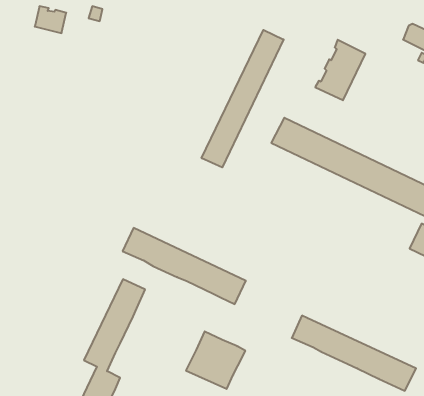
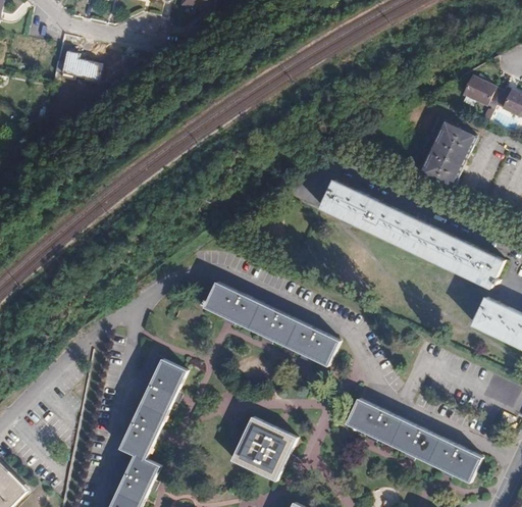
building: [202,30,284,167] -> none
building: [315,40,365,100] -> [424,118,479,185]
building: [123,228,246,304] -> [202,282,337,365]

